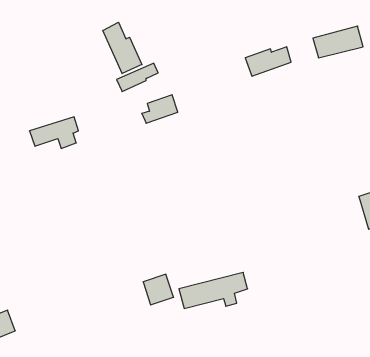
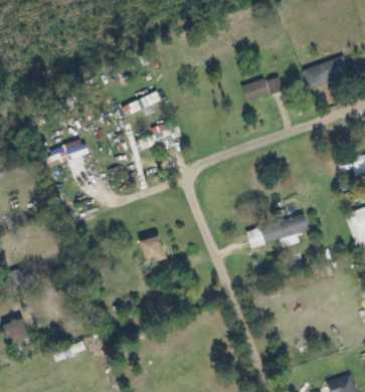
building: [103,22,142,74] -> none
building: [179,272,248,308] -> [245,214,309,247]
building: [143,274,174,305] -> [138,234,166,262]

